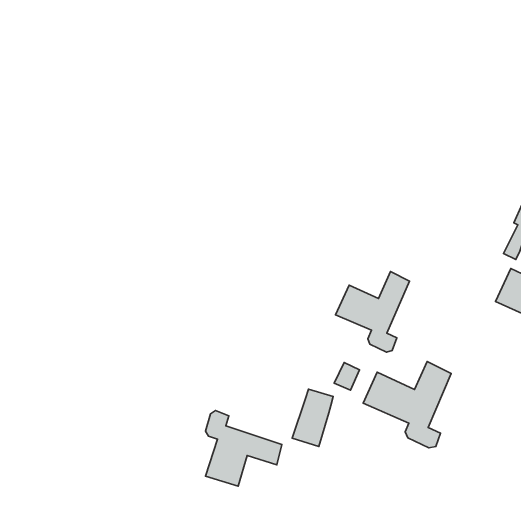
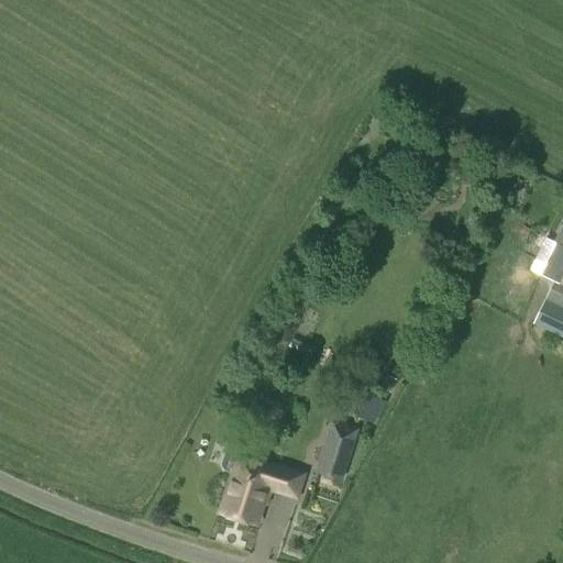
building: [336,272,409,352] -> none
building: [363,361,451,448] -> none

